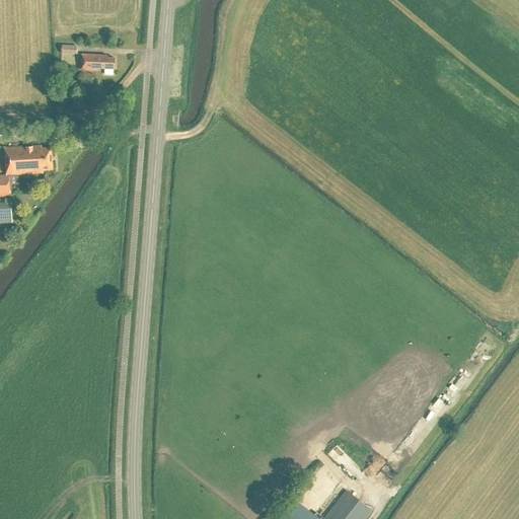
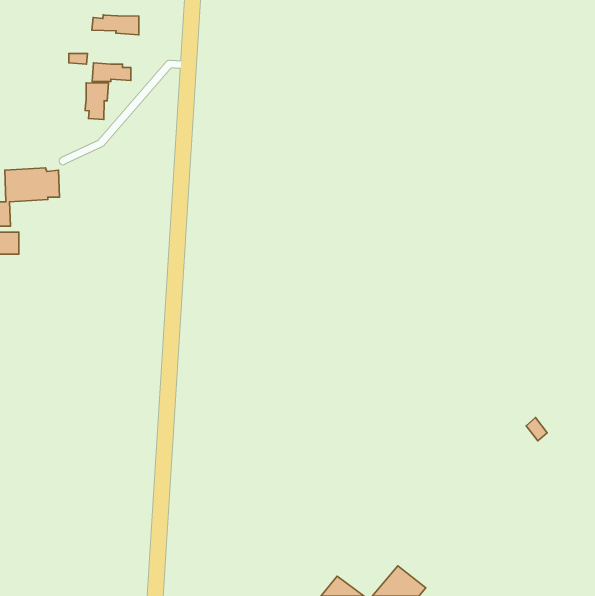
building: none -> [92,15,139,35]
building: none -> [85,83,109,120]

